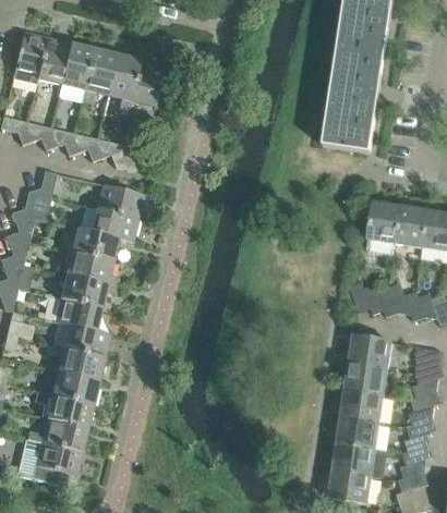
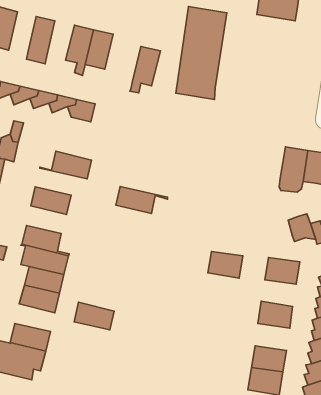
building: [37,37,70,85] -> none
building: [324,40,386,154] -> [176,7,227,99]
building: [80,48,117,105] -> [130,46,160,93]
building: [94,183,143,218] -> none
building: [69,228,132,260] -> [116,187,168,213]
building: [58,273,107,307] -> none
building: [349,283,383,314] -> none
building: [345,364,387,396] -> [208,251,243,278]
building: [44,393,93,427] -> [74,302,114,330]
building: [337,417,379,450] -> none

